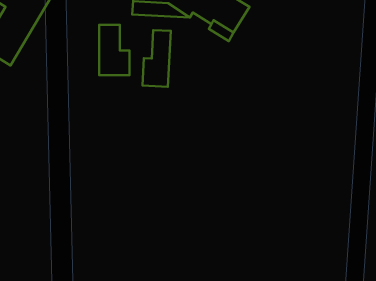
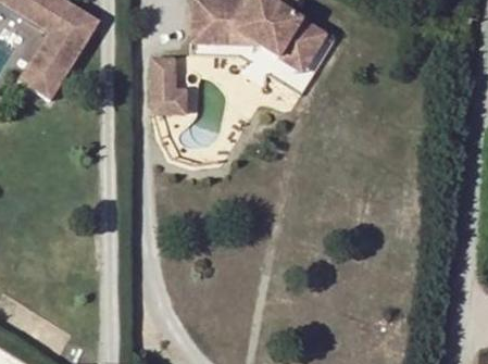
building: [143,30,171,87] -> none

